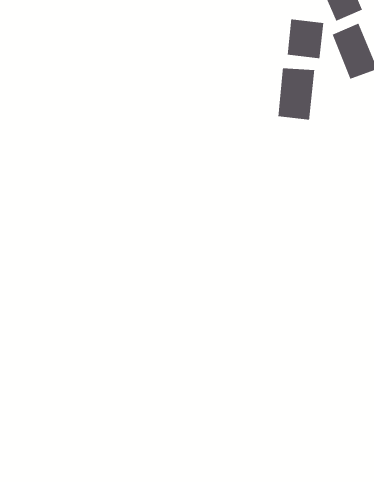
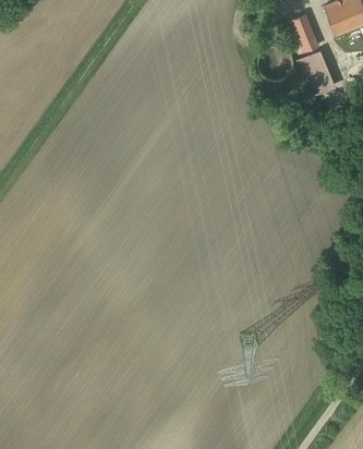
building: [278,67,315,121] -> none

